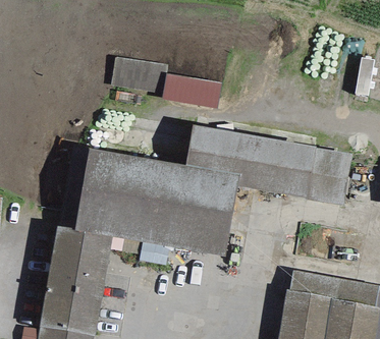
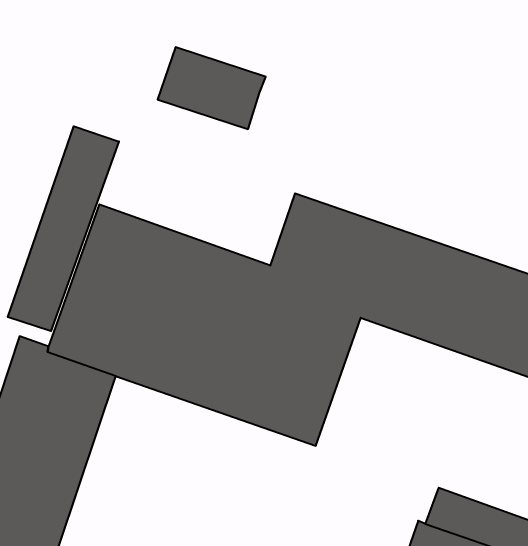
building: [161,73,220,107] -> none
building: none -> [8,126,119,331]

